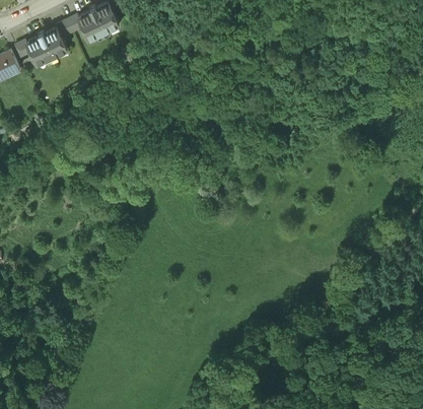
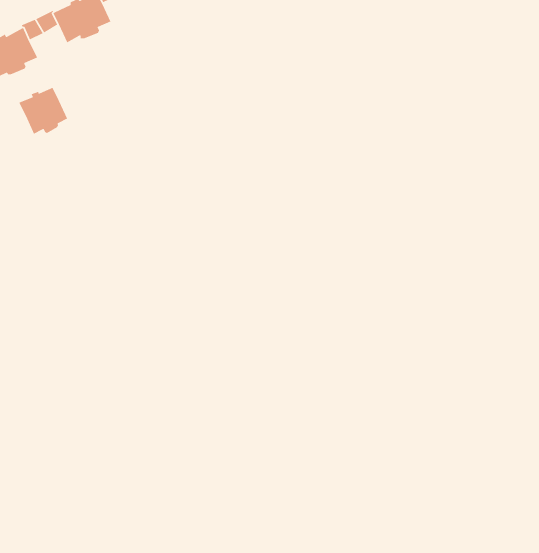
building: none -> [18,87,68,135]

